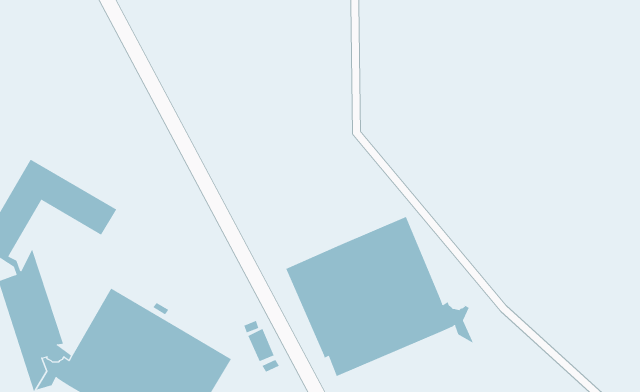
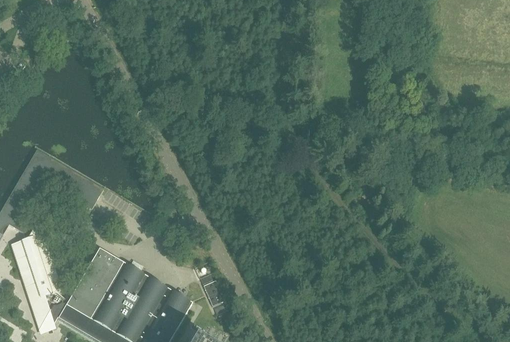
building: [285,216,474,377] -> none

